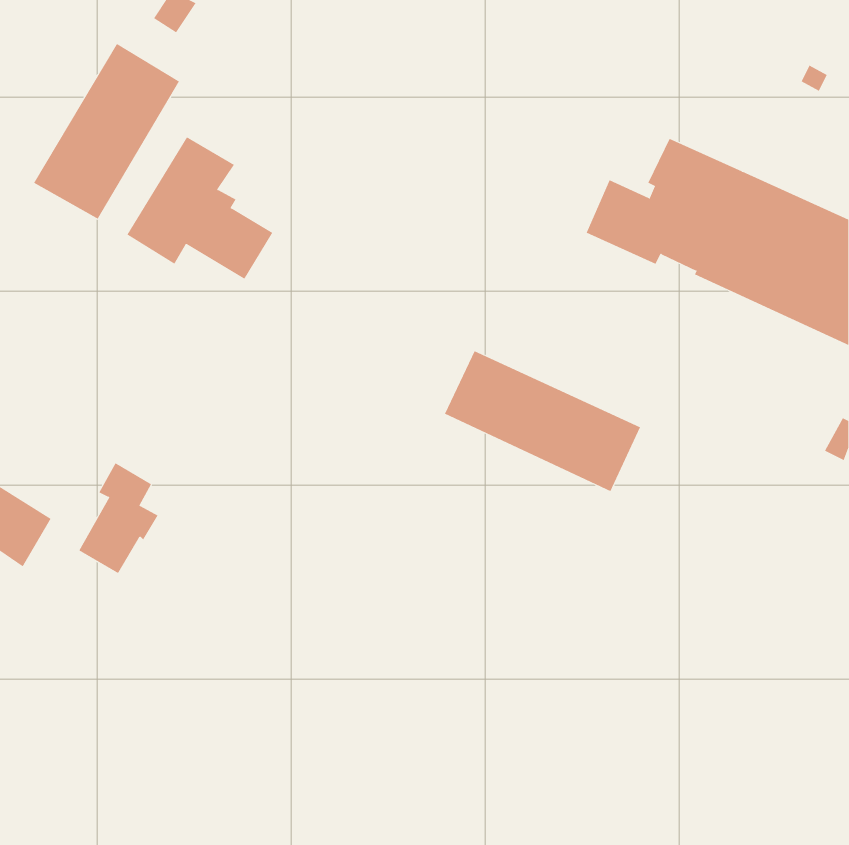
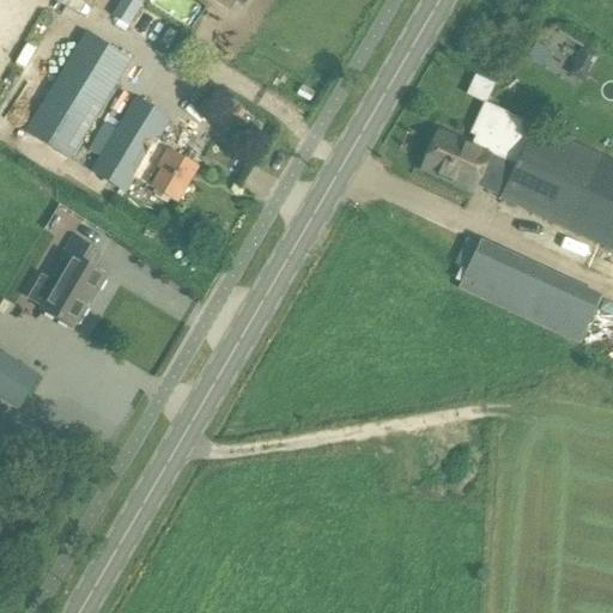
building: [444,351,641,492] -> [459,241,600,342]
building: [79,462,159,574] -> [47,236,104,316]

